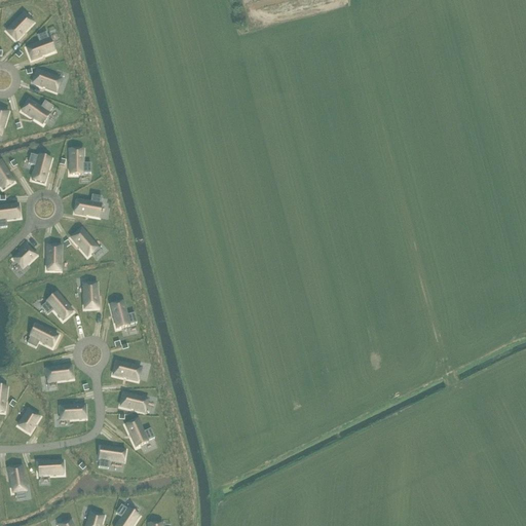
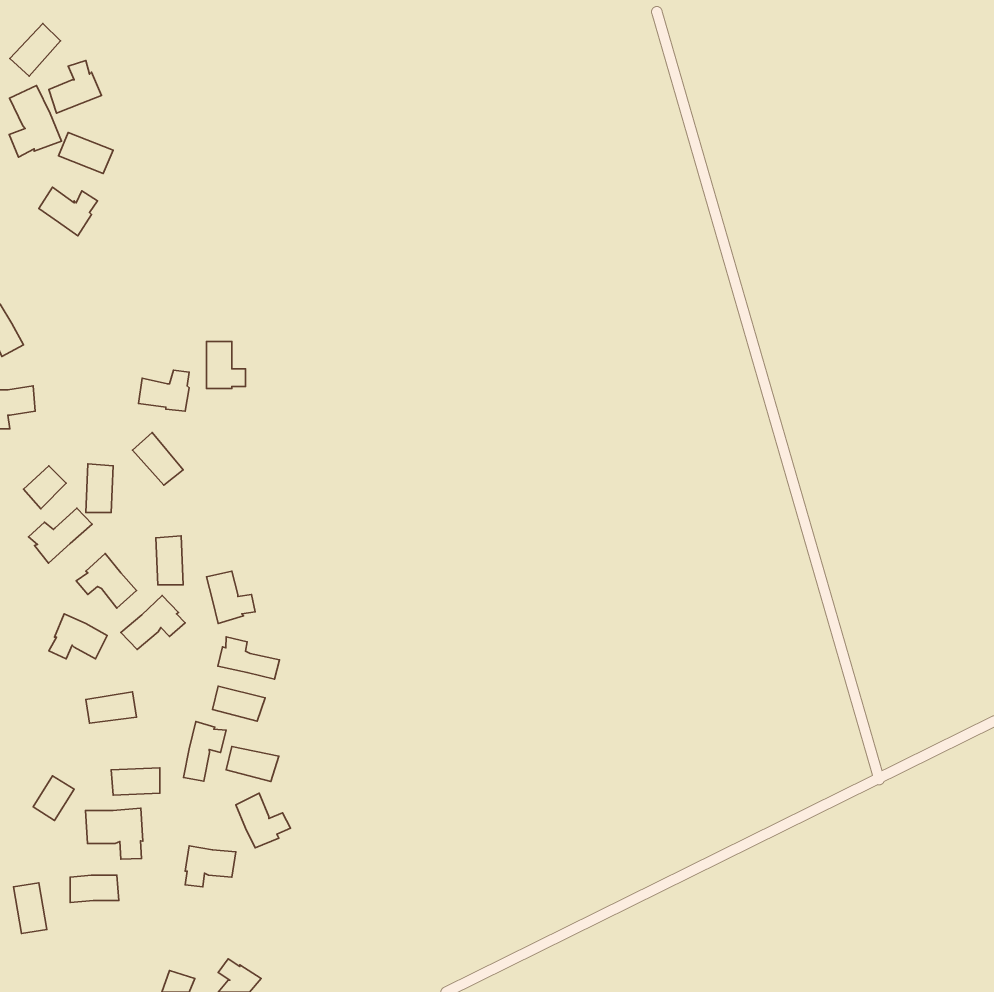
building: none -> [9,86,61,157]
building: [69,149,89,174] -> [207,342,245,388]
building: [27,154,50,183] -> none
building: none -> [29,508,92,563]
building: none -> [121,596,185,649]
building: none -> [218,637,279,679]
building: none -> [183,722,226,781]
building: none -> [85,808,143,859]

